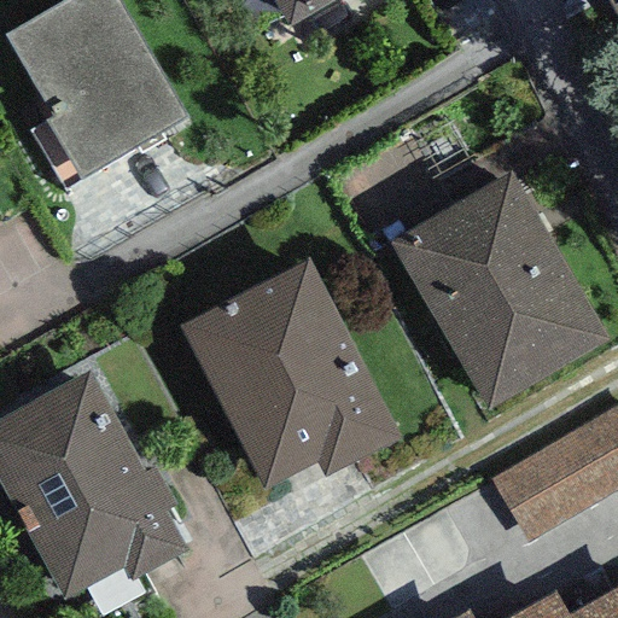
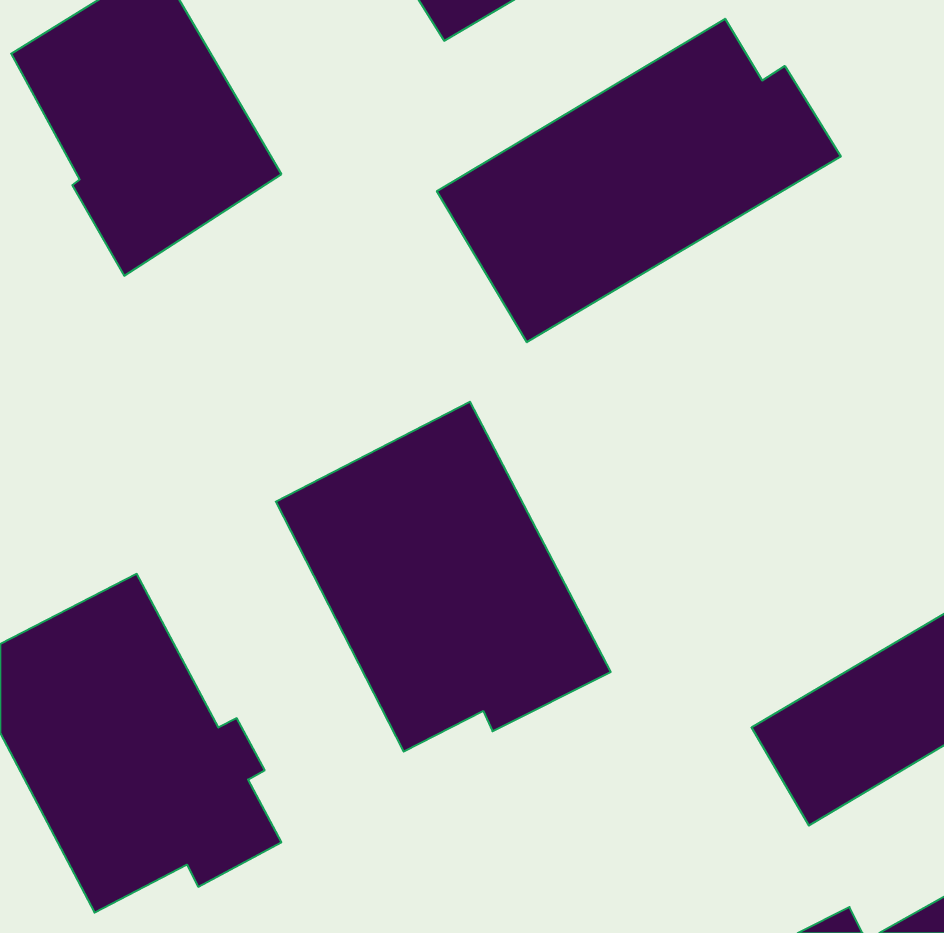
building: none -> [437,19,841,342]
building: [390,173,610,409] -> none

